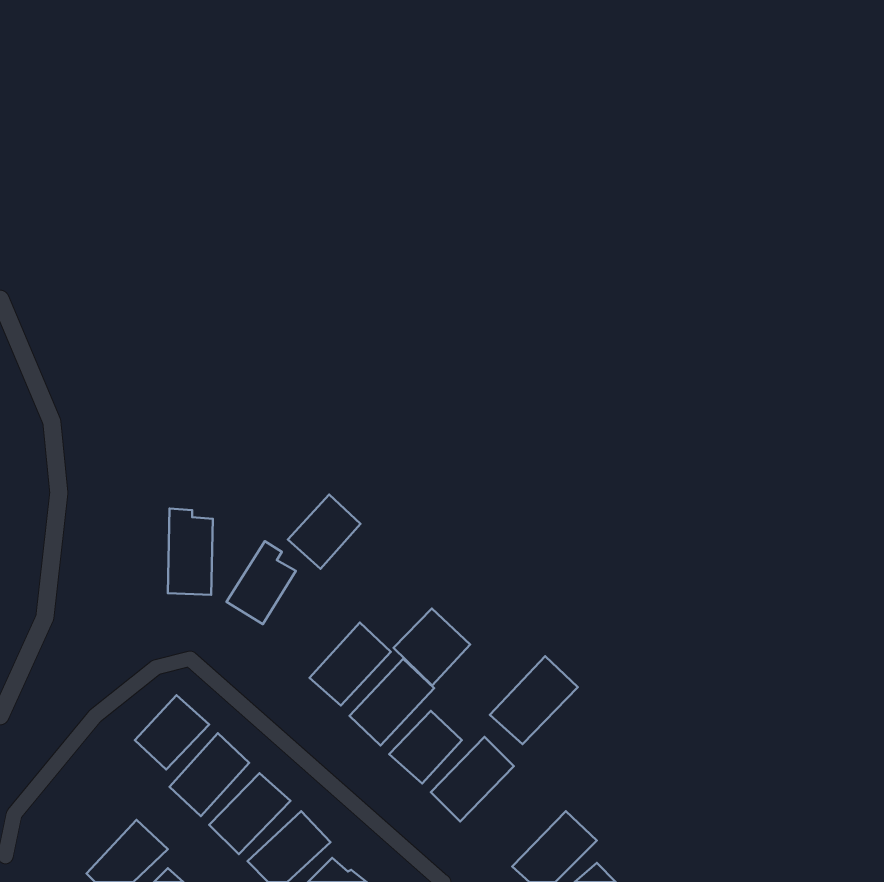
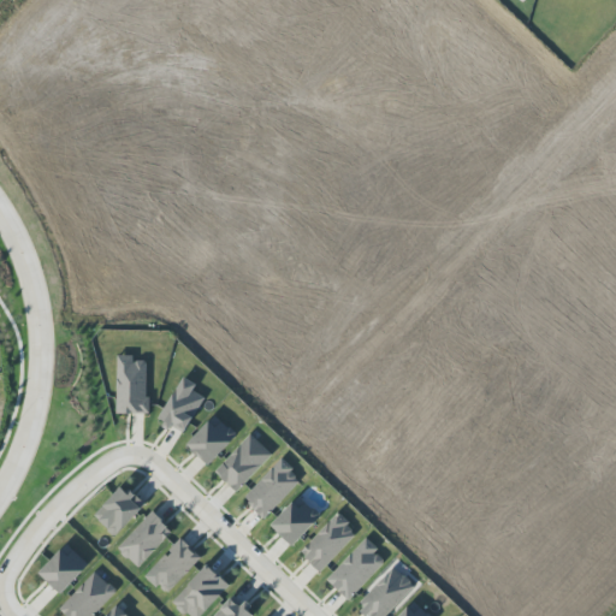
building: [288,495,360,569] -> [186,414,237,466]
building: [394,609,470,686] -> none
building: [490,656,578,744] -> [326,538,387,599]
building: none -> [40,543,89,593]

